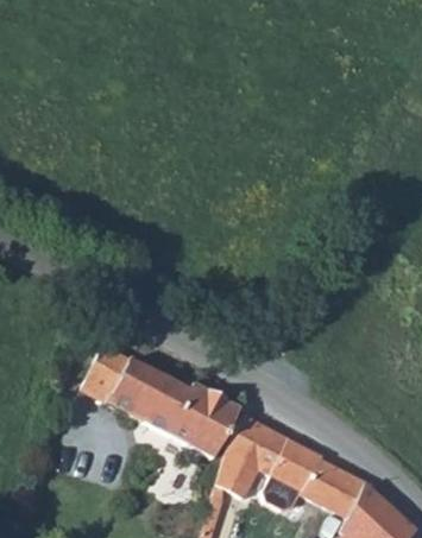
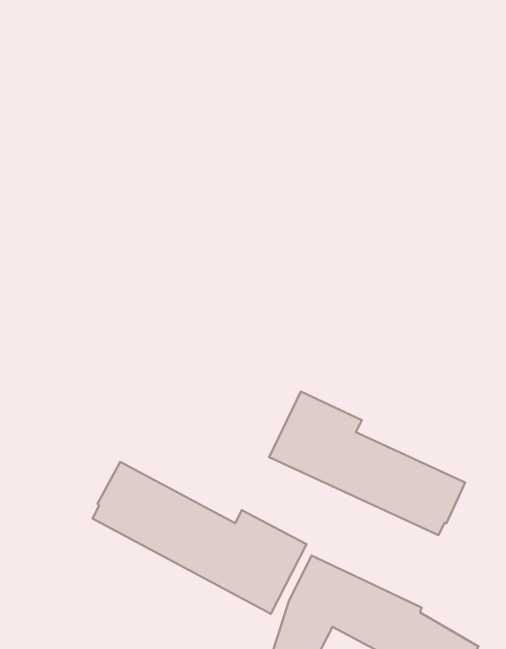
building: none -> [269,392,465,535]

